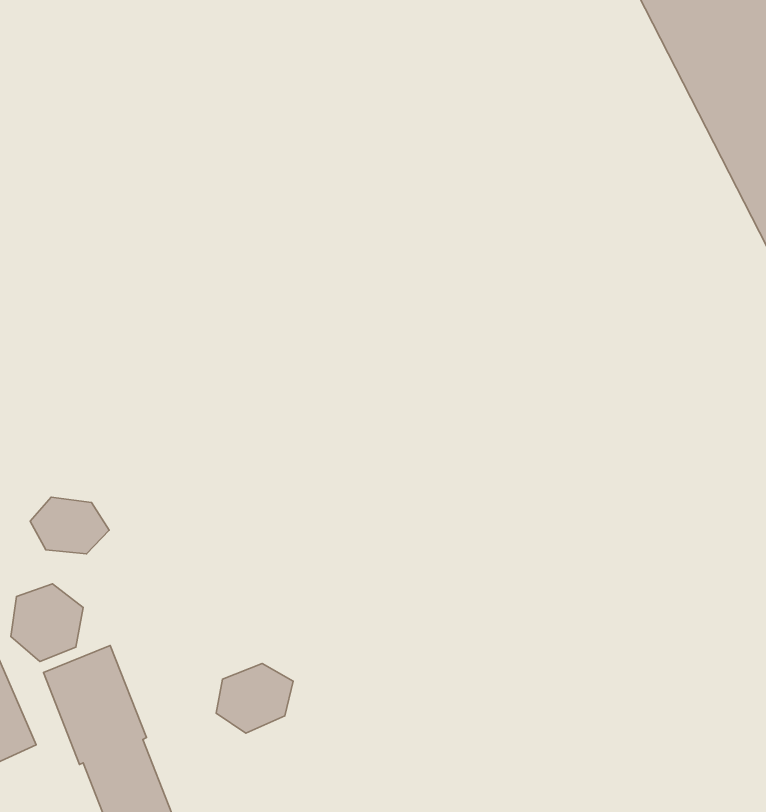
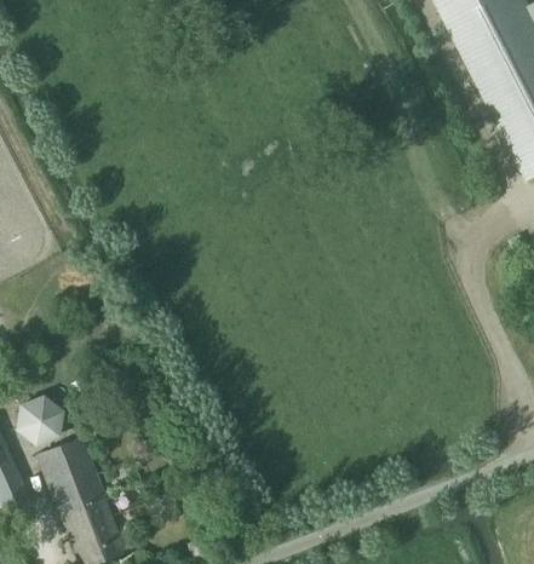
building: [30,497,109,554] -> none
building: [216,664,293,733] -> none

